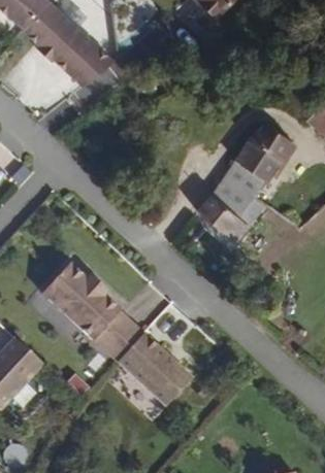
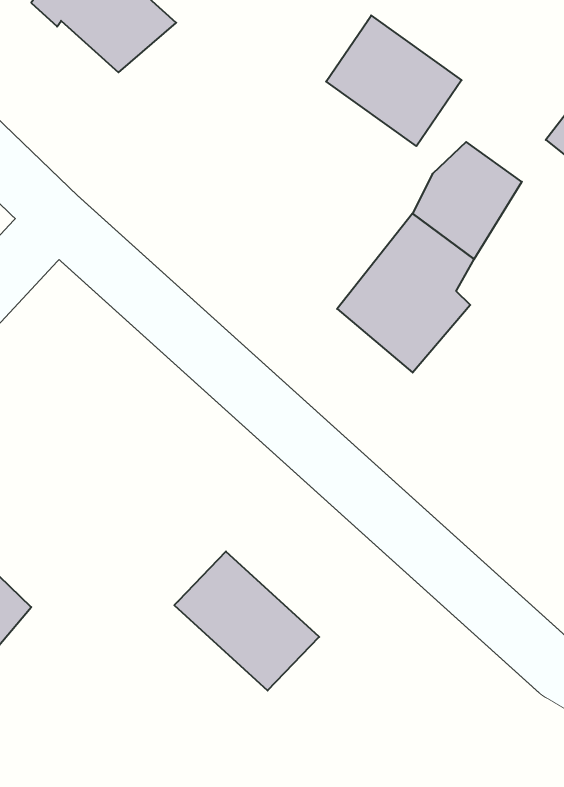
building: none -> [326,15,462,146]
building: [42,263,141,360] -> none

